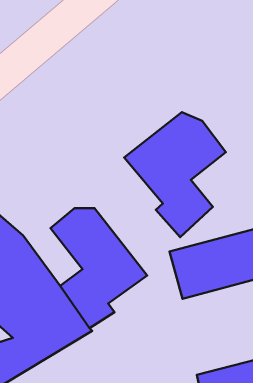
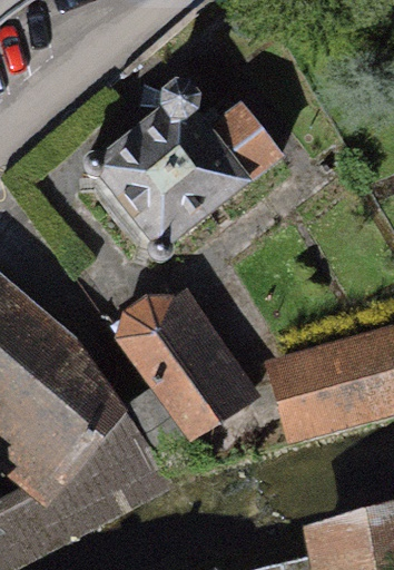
building: none -> [85,92,273,257]
building: [124,112,226,237] -> none

